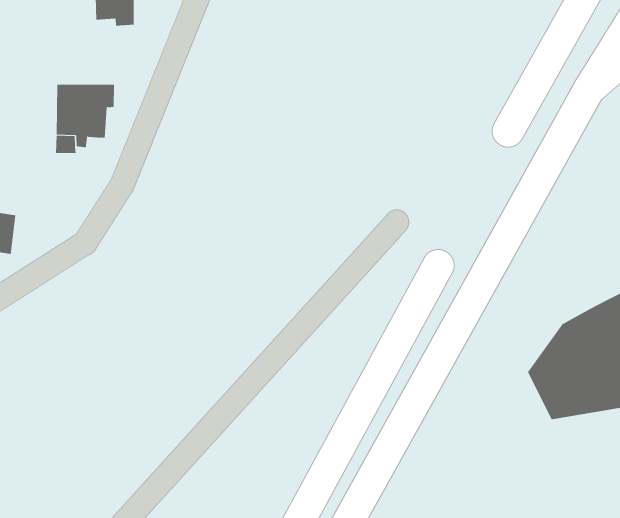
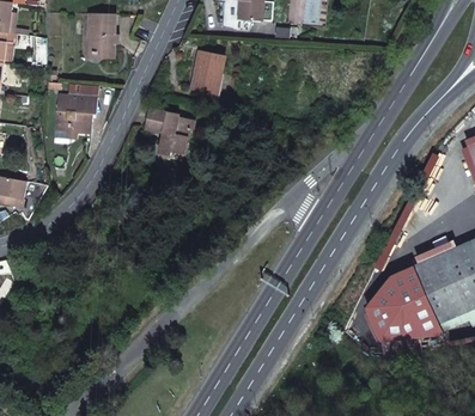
building: none -> [191,50,225,92]
building: none -> [145,108,195,154]

